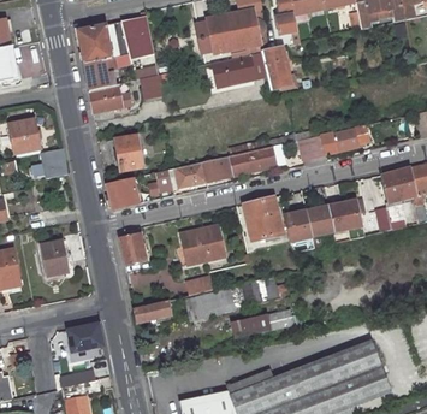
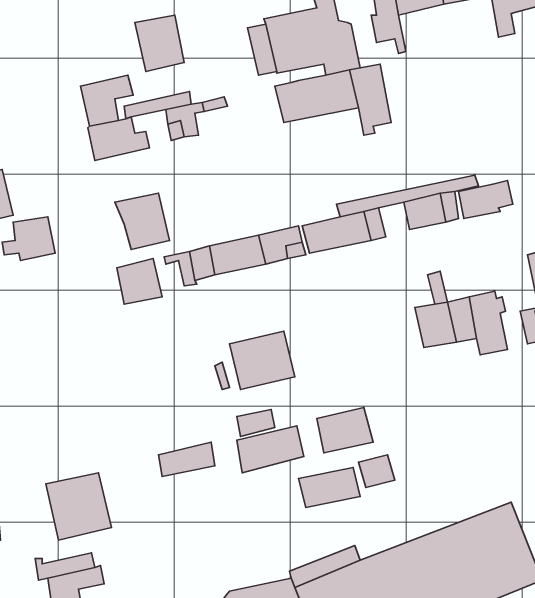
building: [78,20,127,63] -> none
building: [244,196,283,239] -> none
building: [284,209,312,241] -> none
building: [121,232,147,264] -> none
building: [41,241,69,278] -> none

